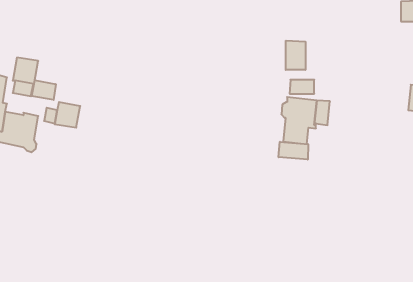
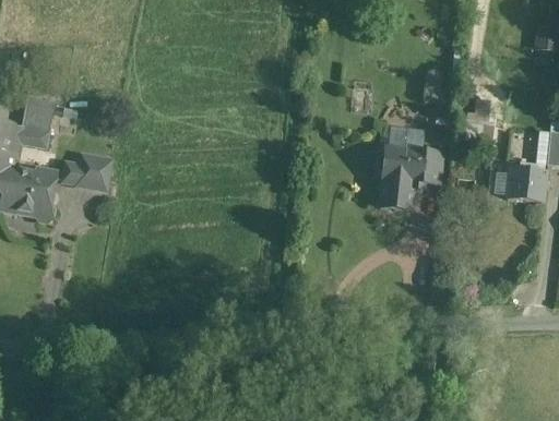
building: [286,41,305,70] -> none
building: [32,80,56,100] -> none
building: none -> [504,169,543,204]
building: [279,142,308,160] -> none

